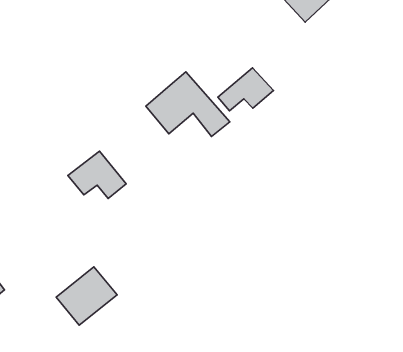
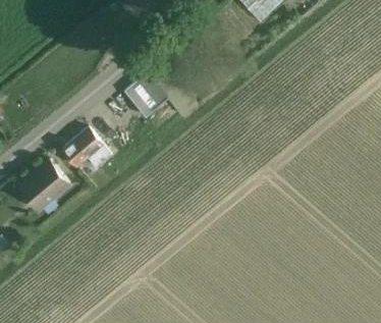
building: [218,68,273,111] -> none
building: [56,267,117,325] -> [16,160,67,209]

